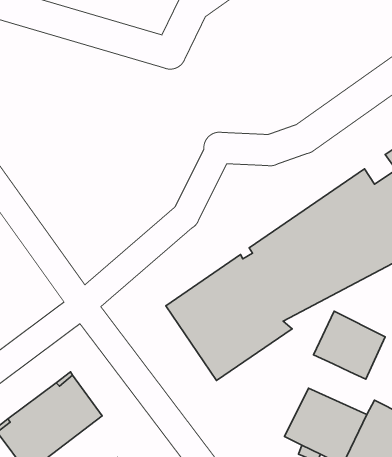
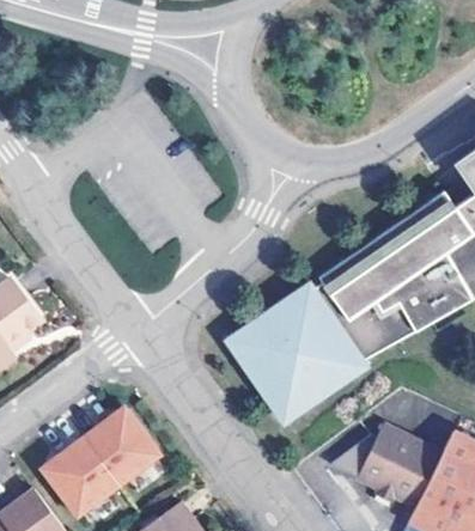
building: [313,311,385,379] -> none

